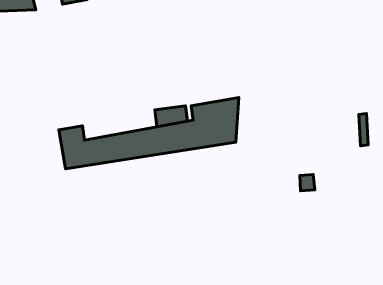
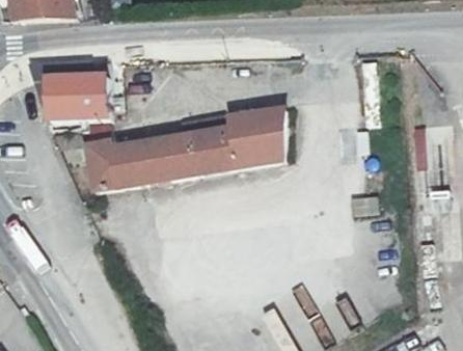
building: none -> [37,75,117,120]

